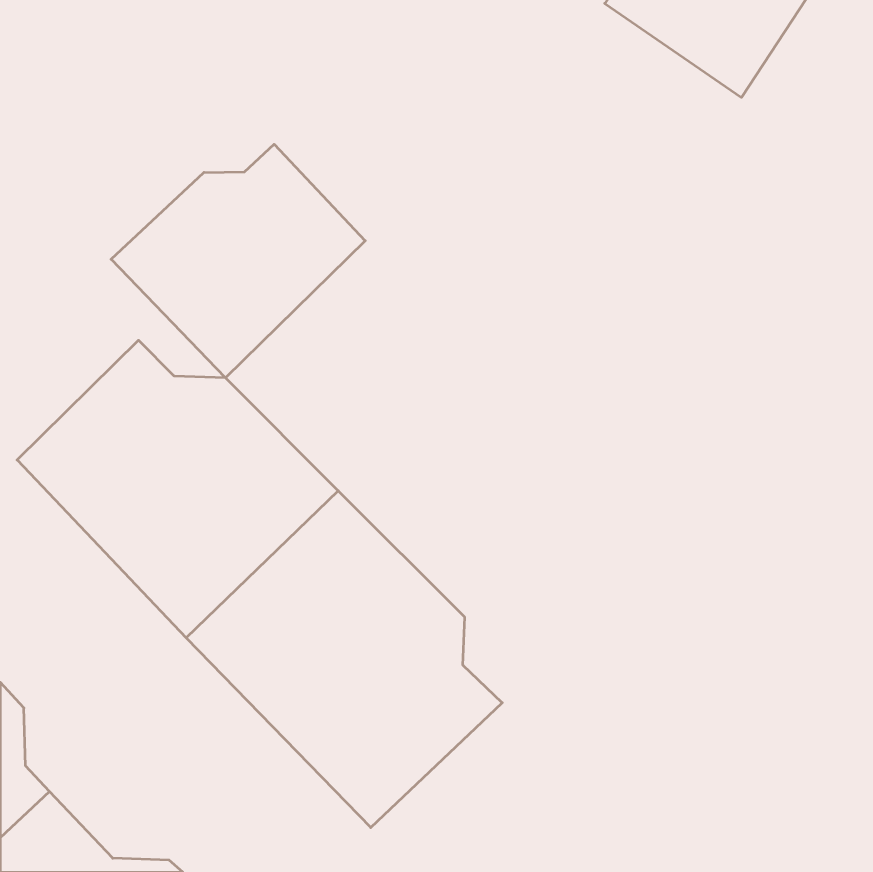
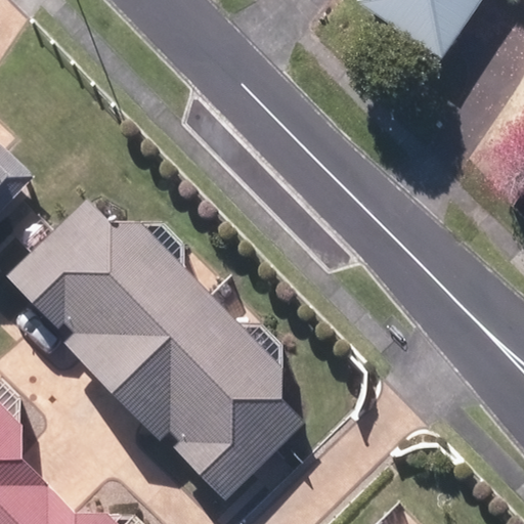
building: [111,144,365,378] -> none

